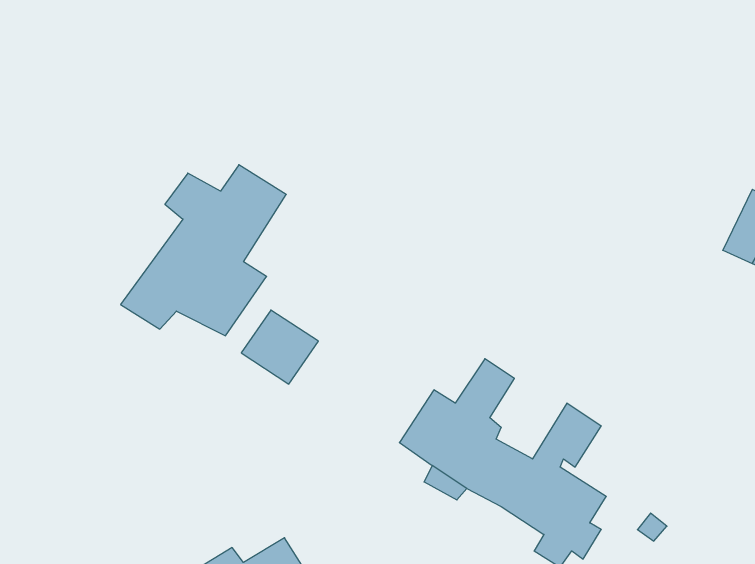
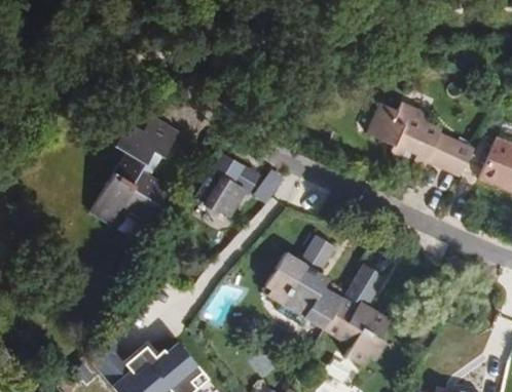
building: none -> [345,88,455,169]
building: [241,310,318,384] -> [211,168,259,214]

